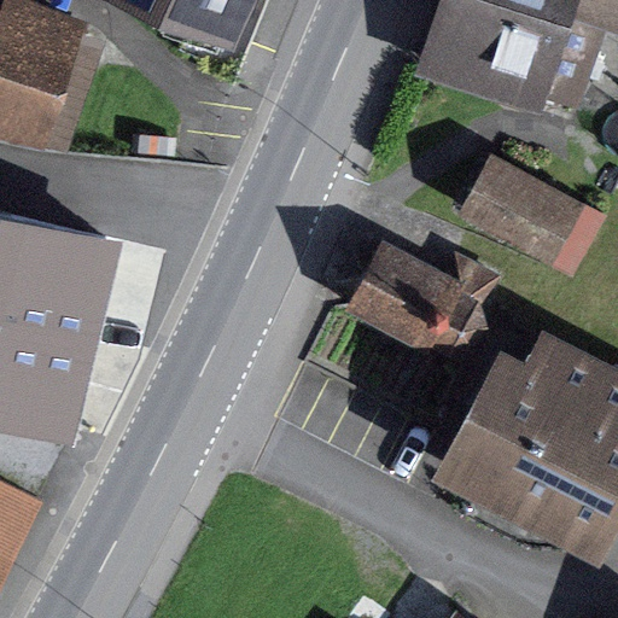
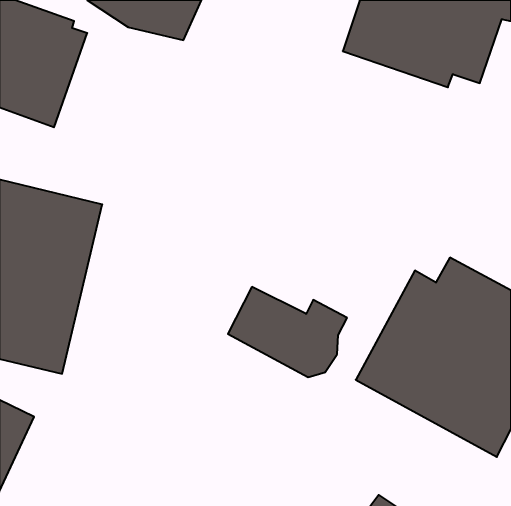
building: [461,153,599,268] -> none
building: [351,241,495,350] -> [228,287,347,377]

